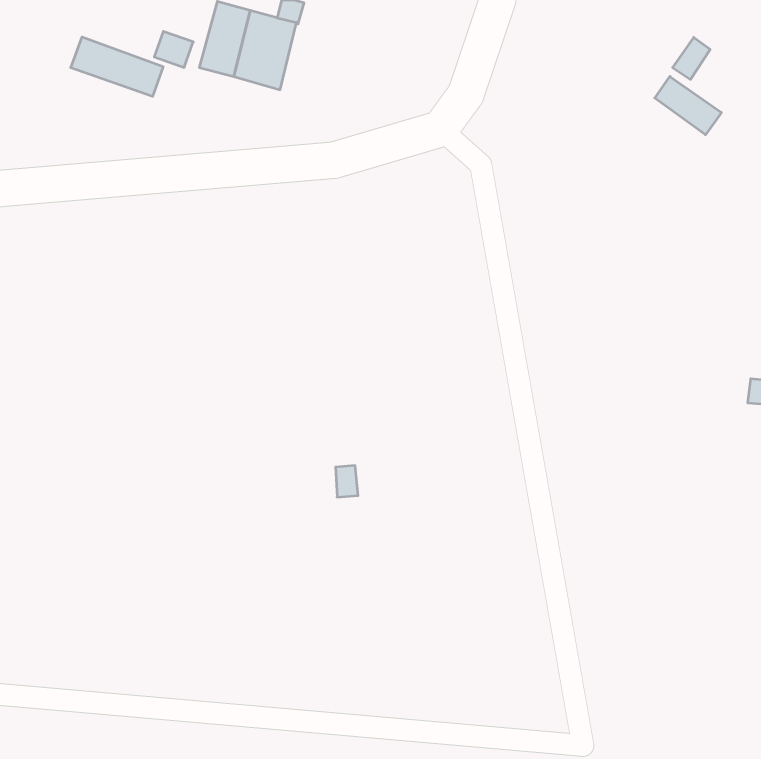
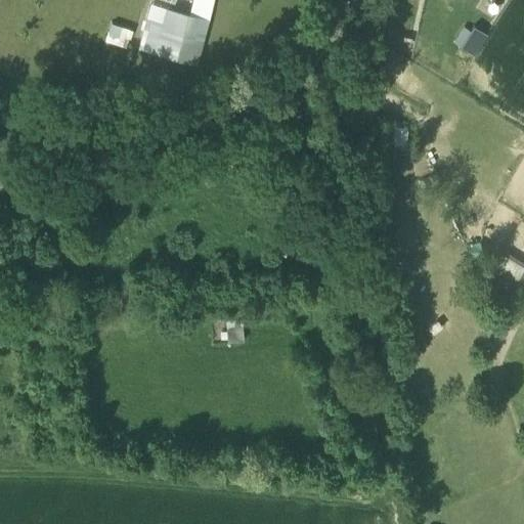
building: [71,37,163,96] -> none
building: [655,76,721,135] -> none

